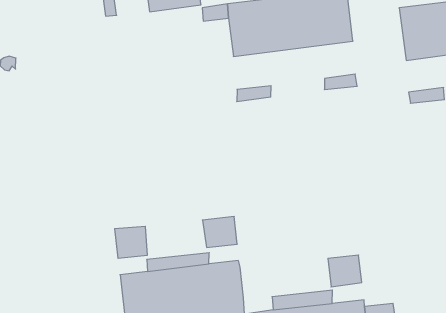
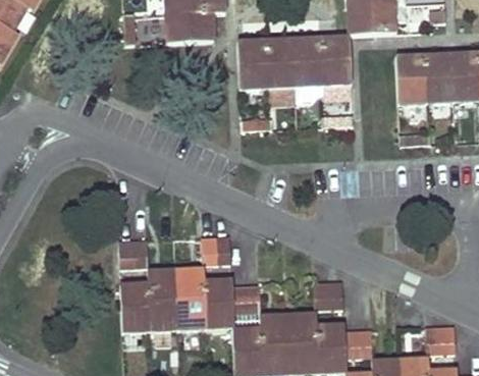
building: none -> [232,282,261,312]

